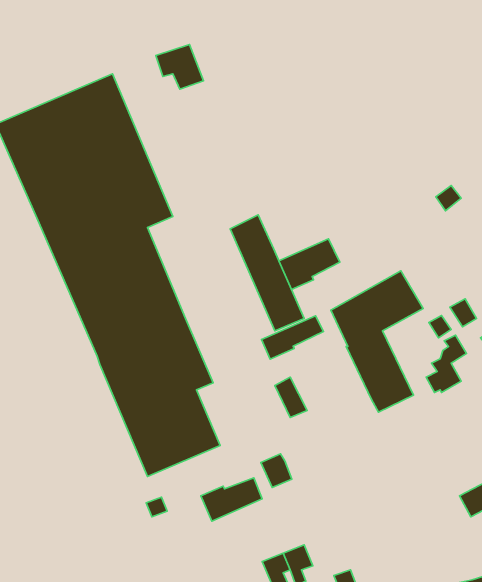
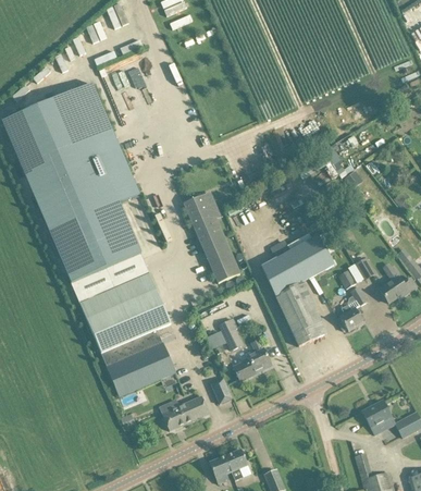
building: [279,239,340,290] -> none
building: [261,316,324,359] -> none
building: none -> [233,339,270,380]

